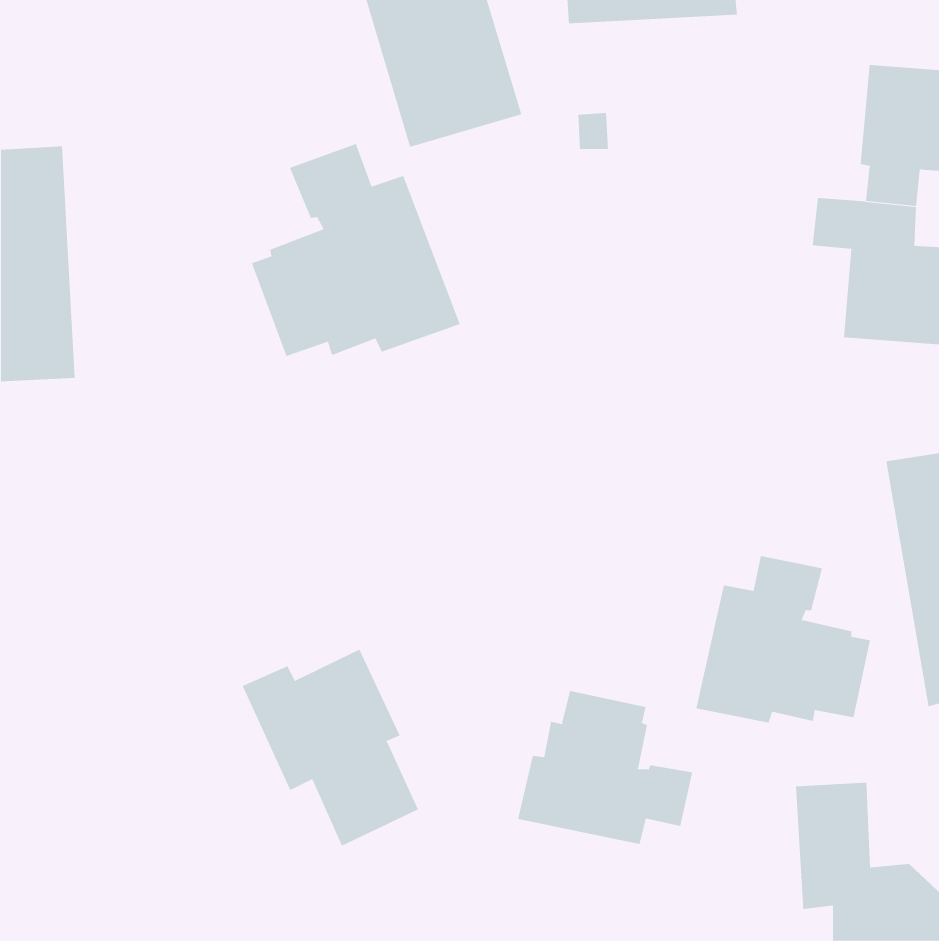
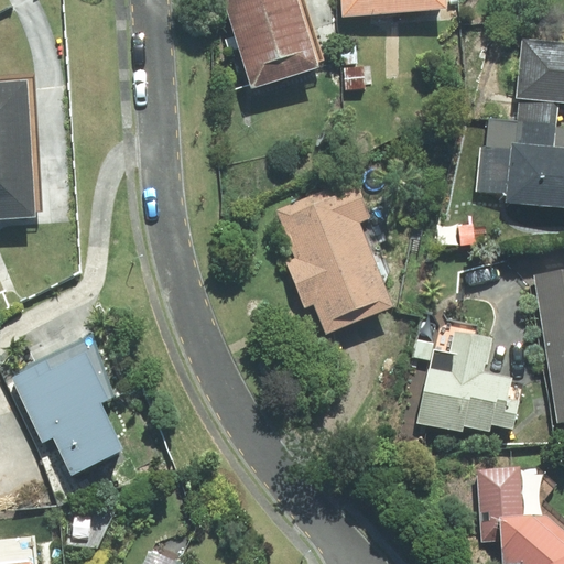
building: [251,143,460,357] -> none
building: none -> [273,181,388,333]
building: [242,649,419,846] -> [20,360,126,478]
building: [518,690,693,845] -> none

